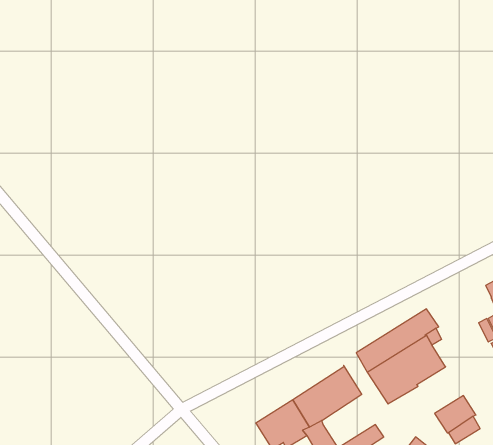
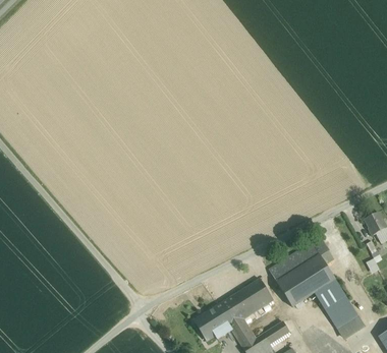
building: none -> [314,279,348,313]

